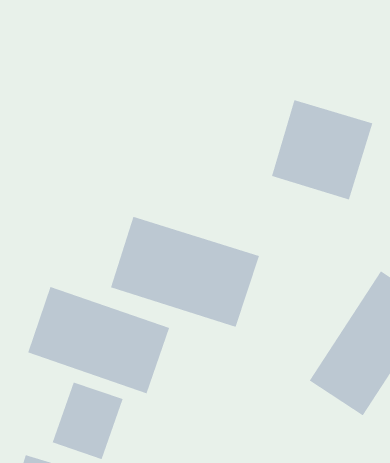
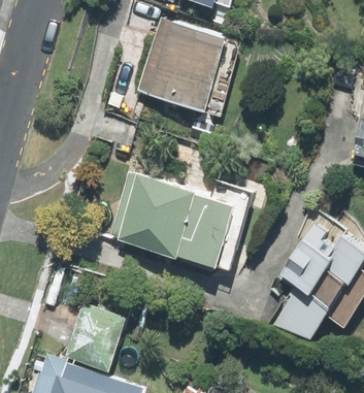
building: [271,99,373,200] -> [142,29,222,107]
building: [27,286,170,394] -> none

